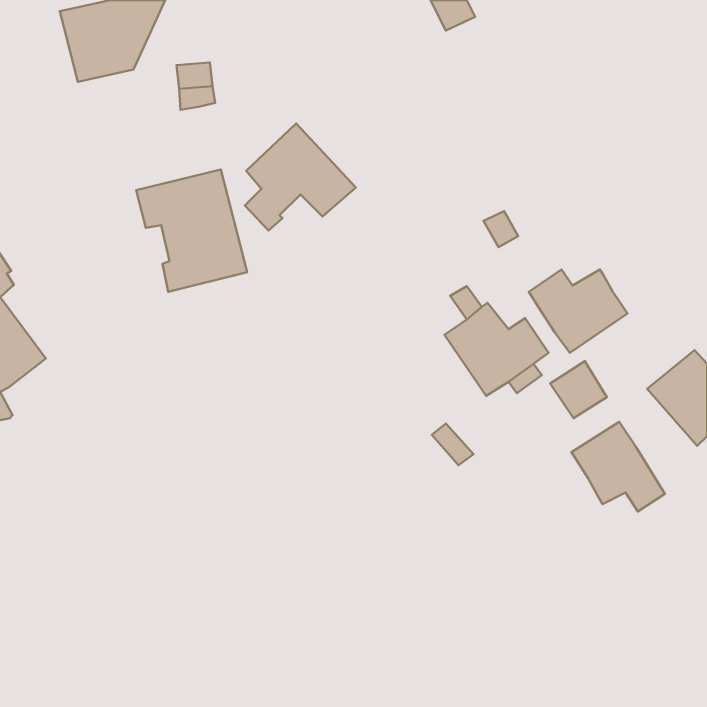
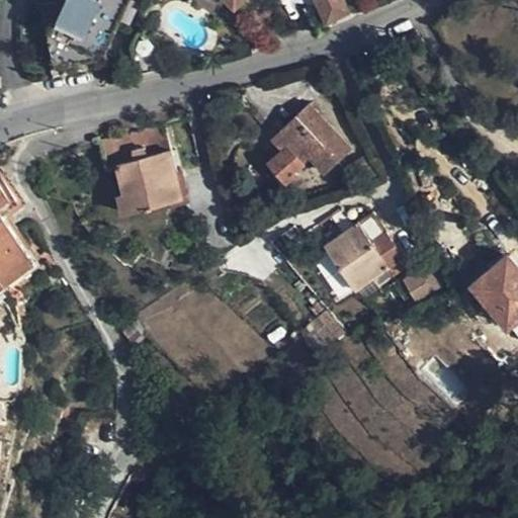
building: [245,124,356,231] -> [267,105,348,183]
building: [529,269,628,353] -> none
building: [571,422,665,511] -> none

